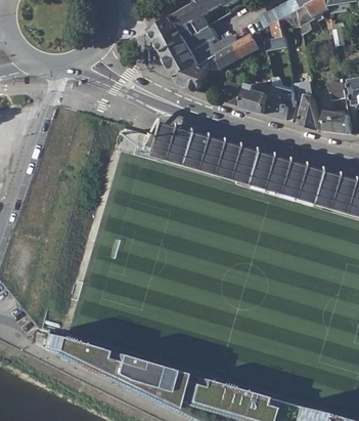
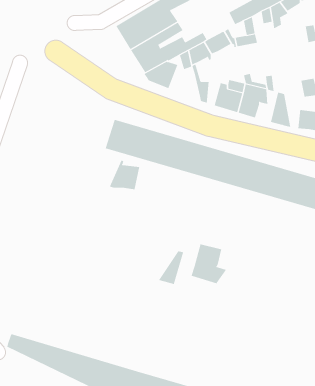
building: none -> [109,160,140,190]
building: none -> [191,244,227,284]
building: none -> [158,250,184,285]

